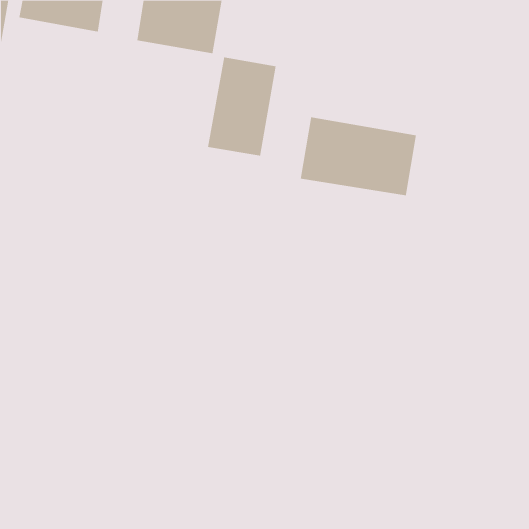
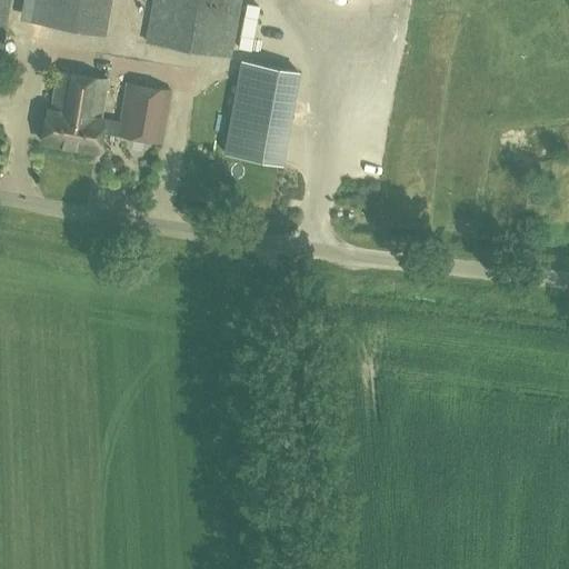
building: none -> [42,72,170,152]
building: [300,116,417,196] -> none

